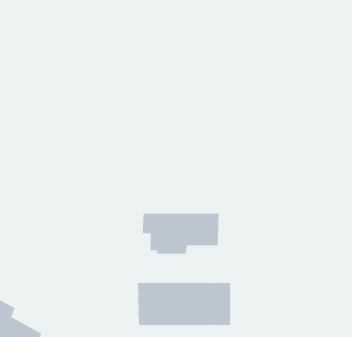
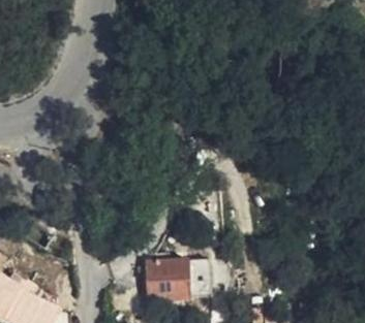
building: [142,213,219,255] -> none

